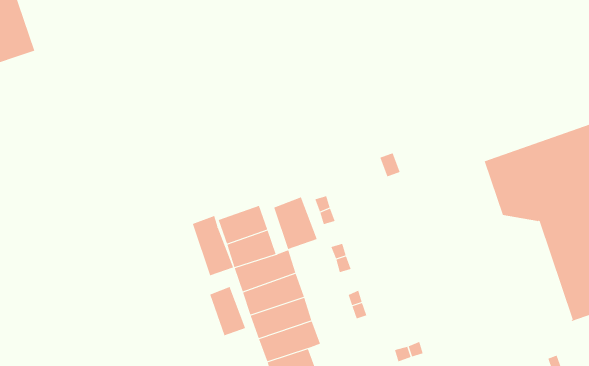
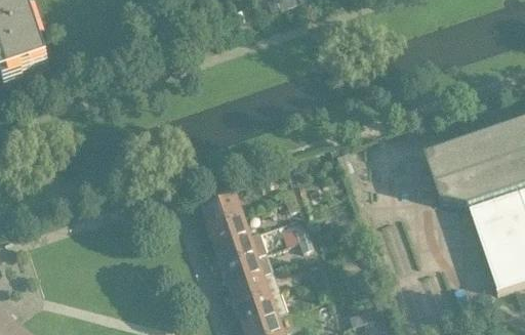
building: [274,197,317,250] -> none
building: [192,215,234,276] -> none
building: [210,286,246,336] -> none

